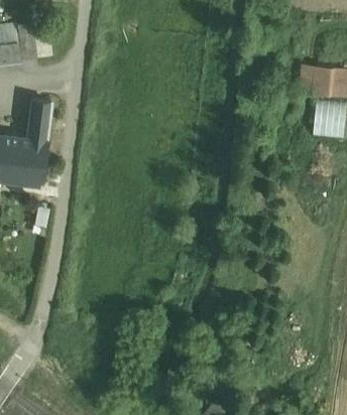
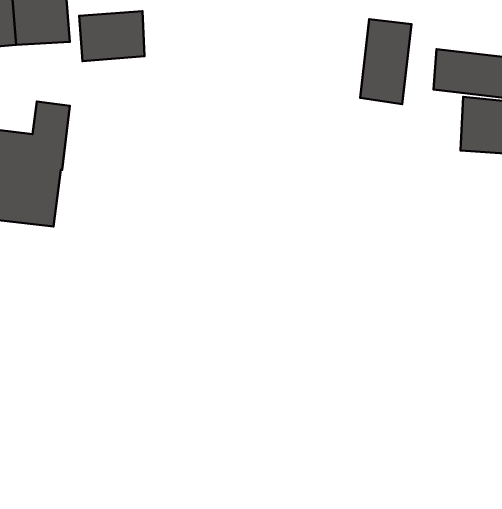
building: none -> [79,11,144,61]
building: none -> [360,19,411,104]

